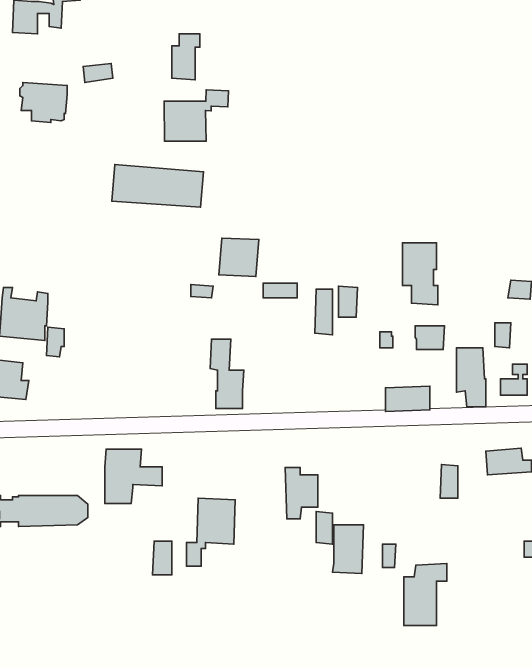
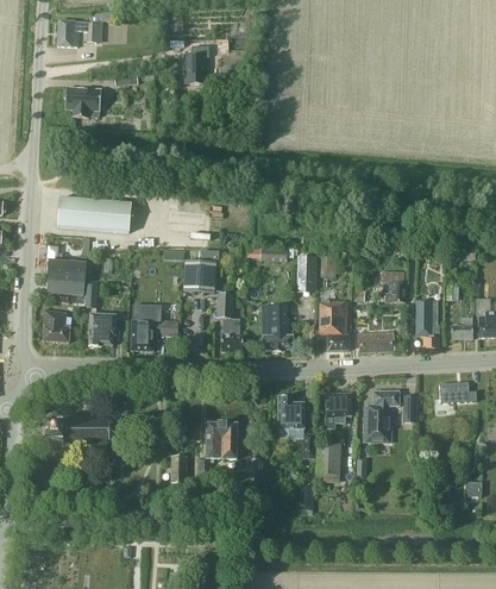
building: [164,90,228,141] -> none
building: [112,164,203,207] -> [57,196,131,231]
building: [219,238,259,276] -> [183,261,215,292]
building: [402,243,438,305] -> [320,300,349,350]
building: none -> [263,308,293,352]
building: none -> [89,313,115,346]
building: [105,449,162,504] -> [131,306,177,350]
building: none -> [325,393,351,425]
building: [404,564,447,625] -> [364,390,398,440]

